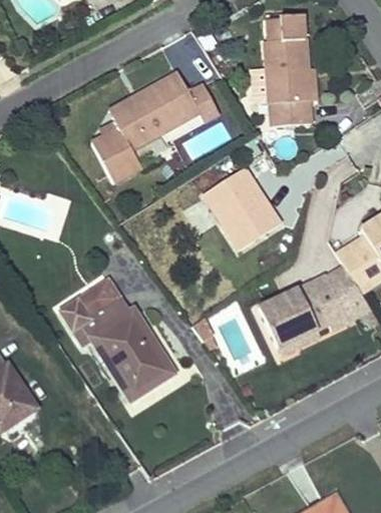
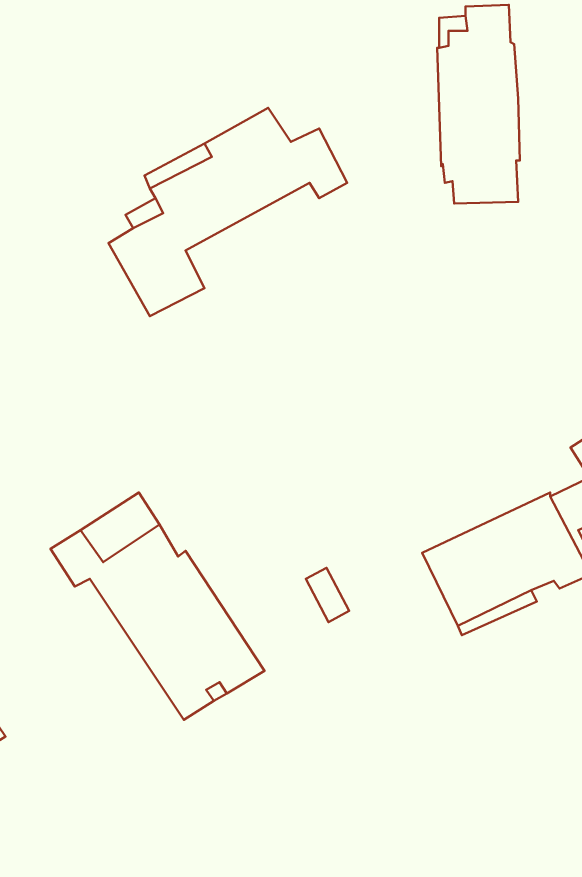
building: [204,165,281,247] -> none

